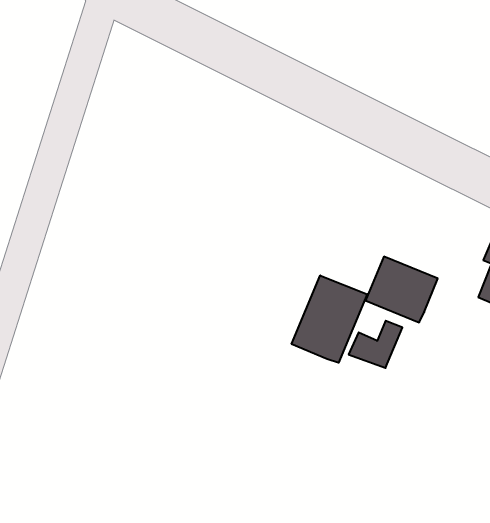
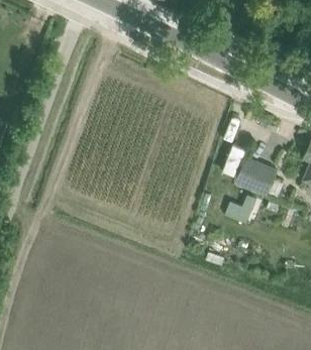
building: [292,275,367,363] -> none

